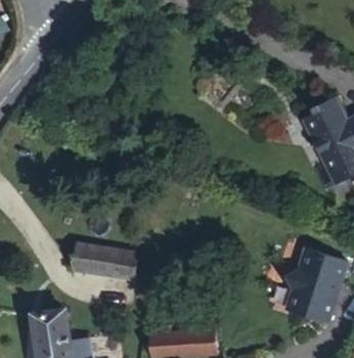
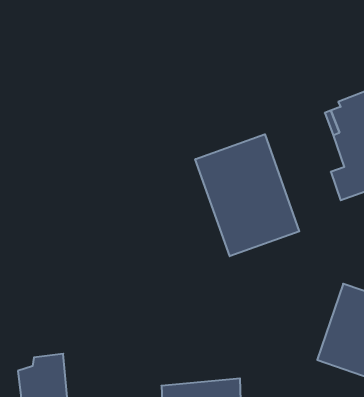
building: none -> [195,134,299,256]
building: [83,250,145,287] -> none

